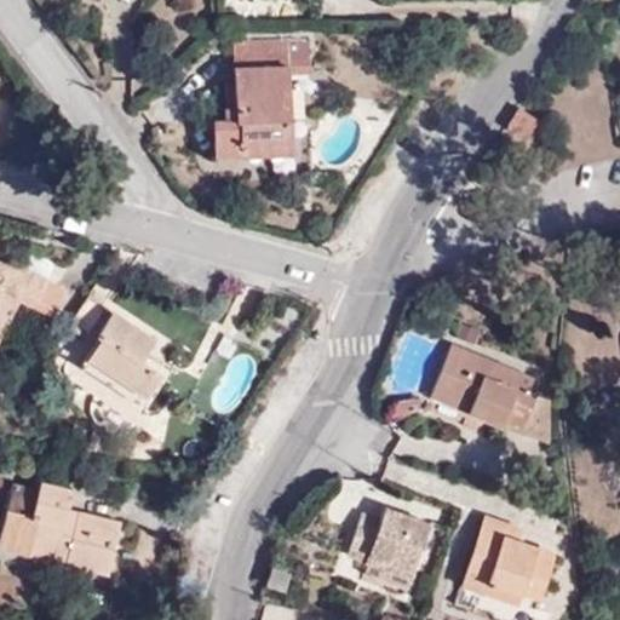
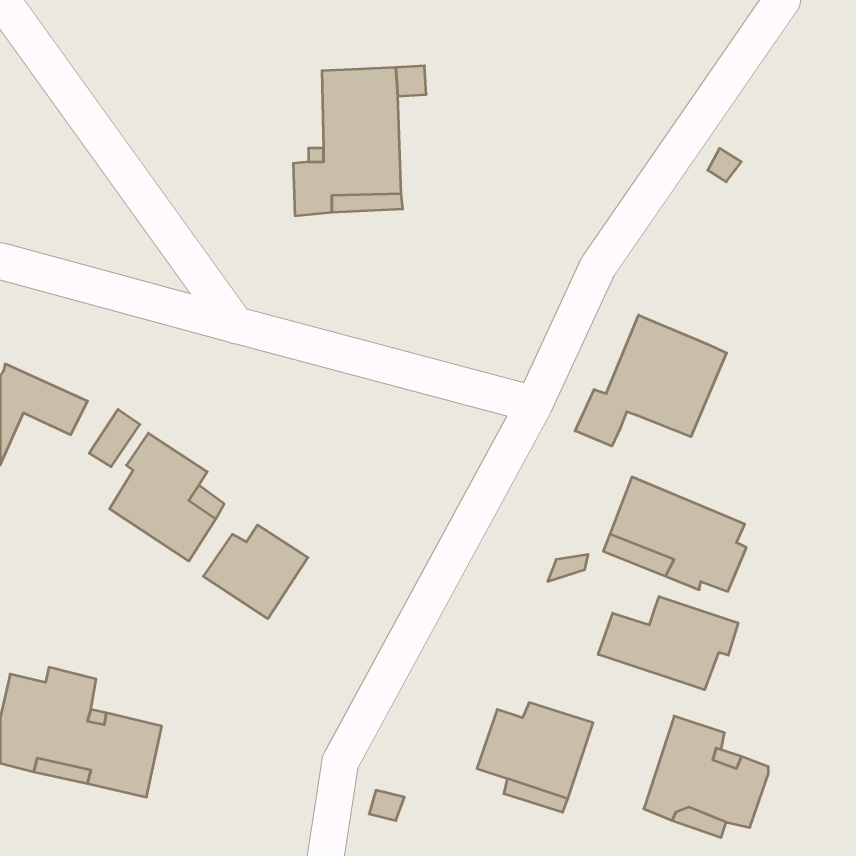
building: none -> [575,315,727,446]
building: none -> [203,525,308,619]
building: none -> [598,596,738,690]

